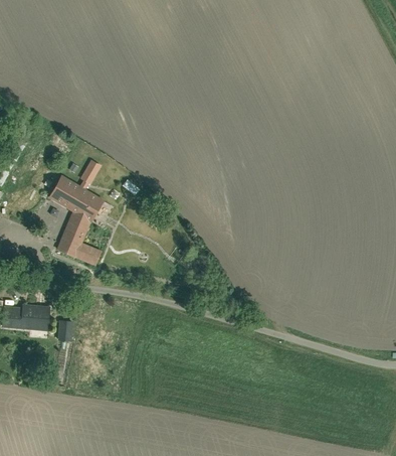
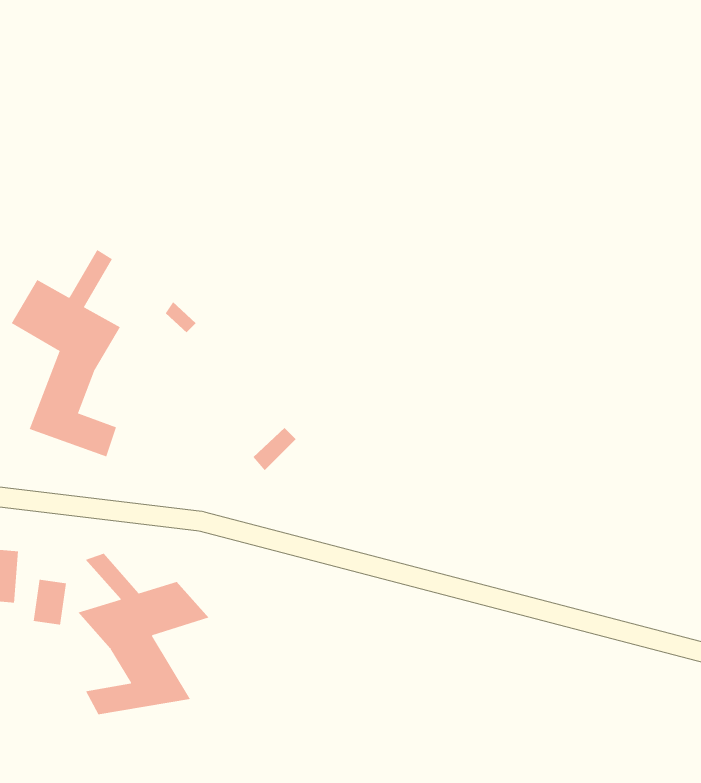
building: none -> [77,553,209,715]

